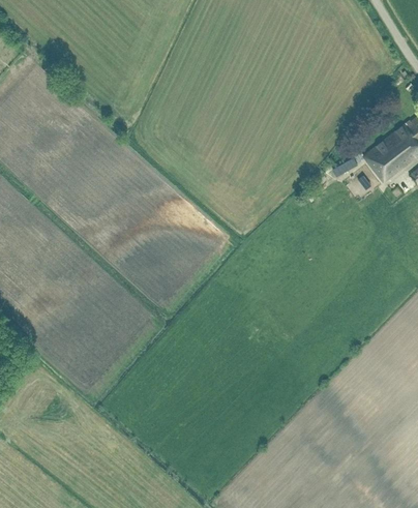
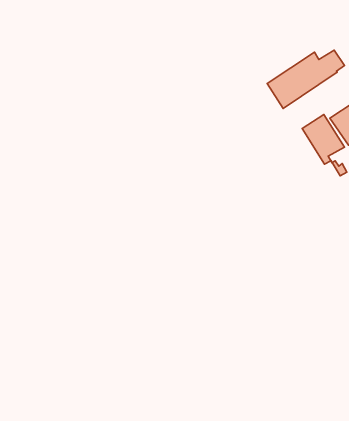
building: none -> [267,50,345,109]

